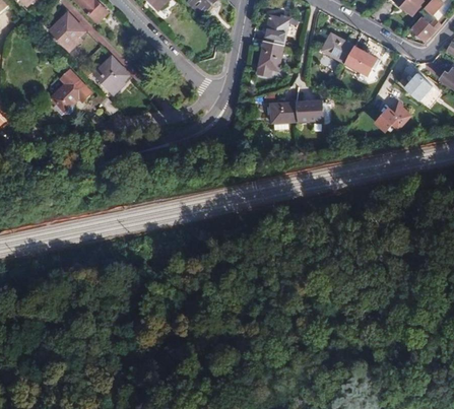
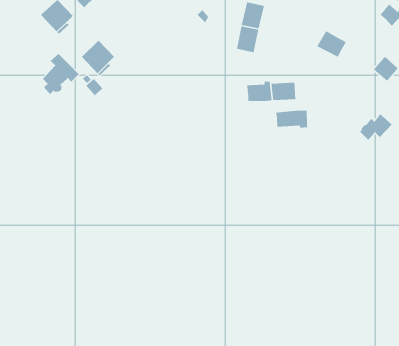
building: [321,32,353,63] -> none
building: [374,103,409,132] -> [359,113,392,141]
building: none -> [275,110,308,129]

